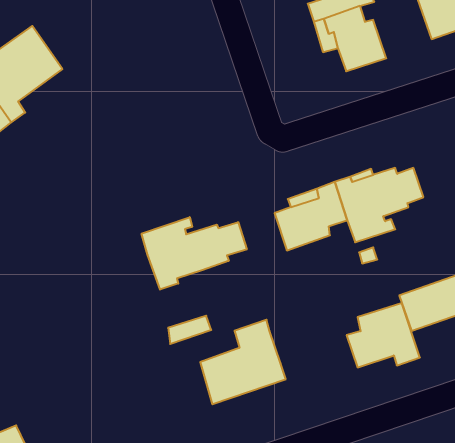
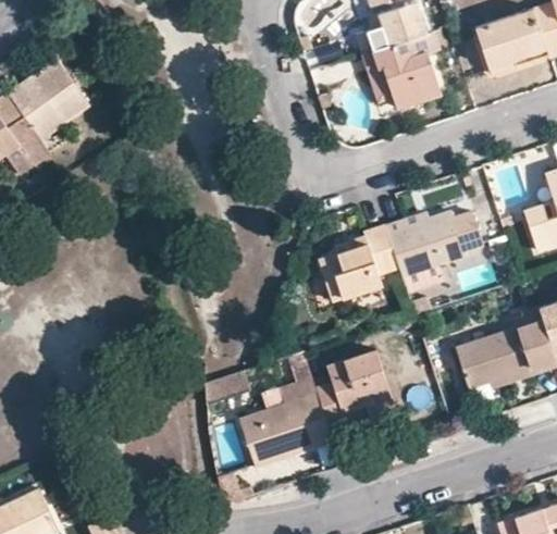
building: [142,217,247,290] -> none
building: [347,303,420,367] -> [315,351,395,421]

